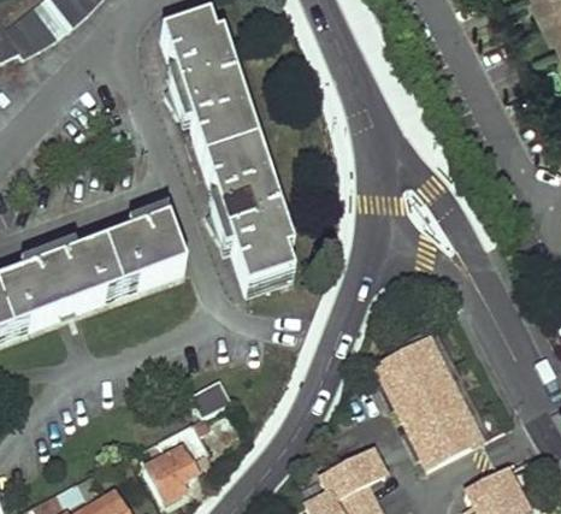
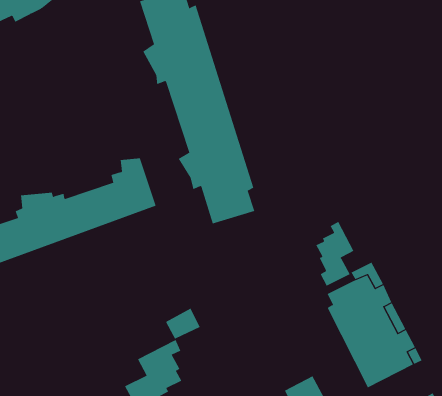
building: none -> [316,221,354,287]

